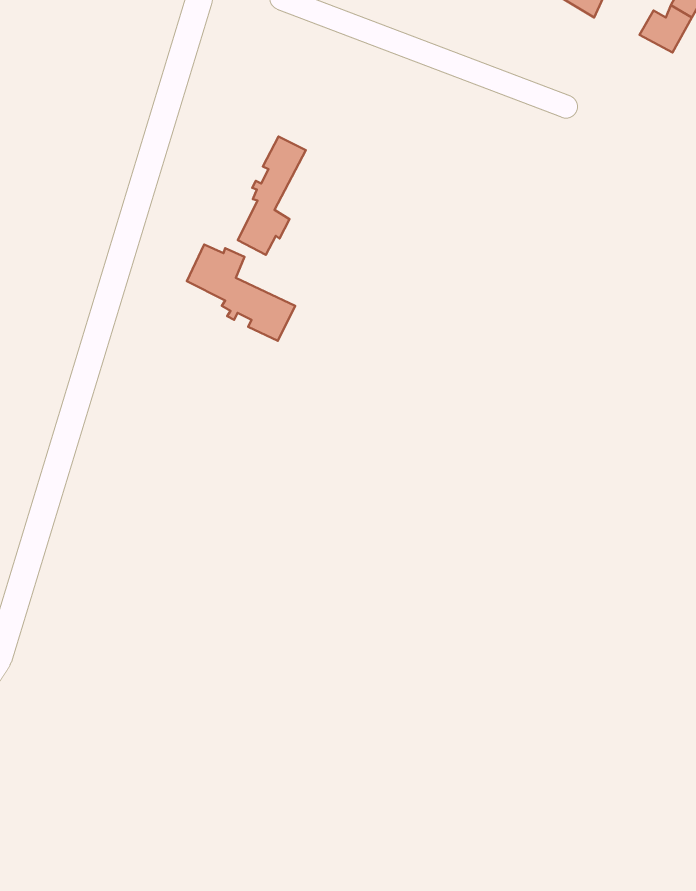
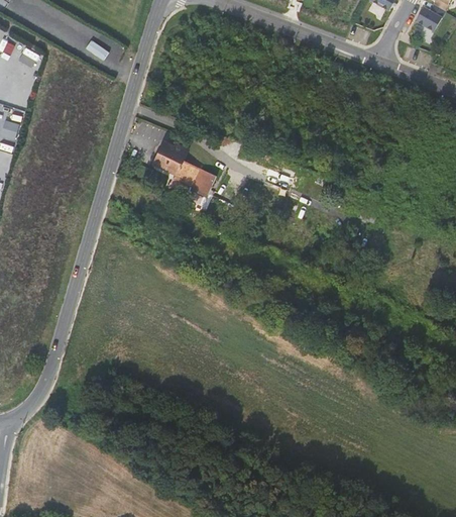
building: [238,136,306,255] -> none

